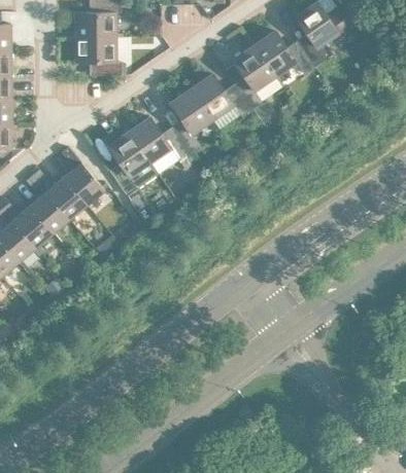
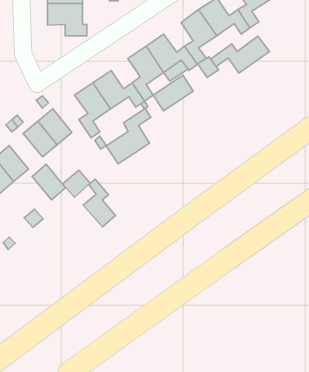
building: none -> [211,36,269,73]
building: none -> [153,75,193,111]
building: none -> [106,108,151,164]
building: [30,190,69,232] -> [32,164,65,200]
building: none -> [83,179,116,227]

